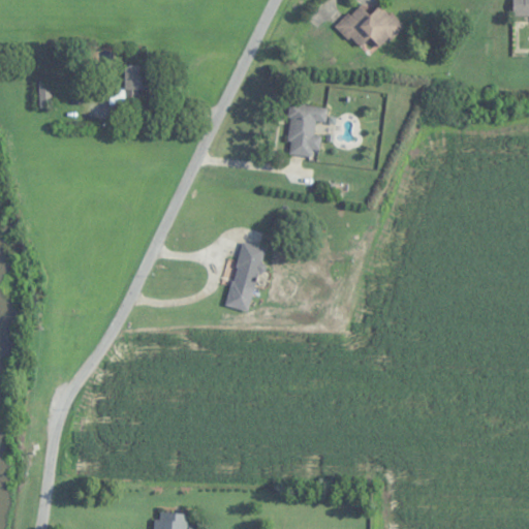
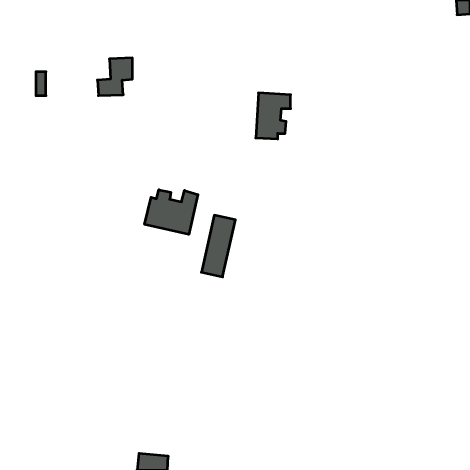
building: [337,4,403,59] -> none
building: none -> [145,190,198,234]

